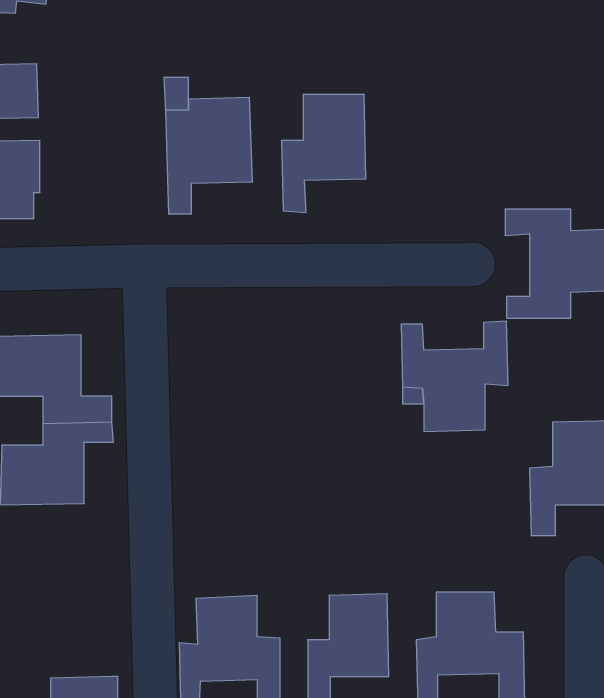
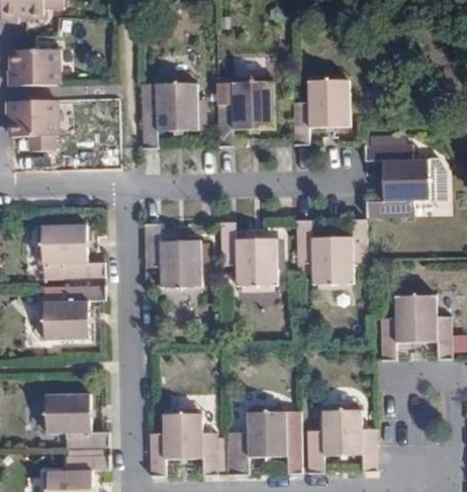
building: none -> [294,67,350,145]
building: none -> [221,222,277,294]
building: none -> [146,224,204,296]
building: none -> [36,390,110,449]

